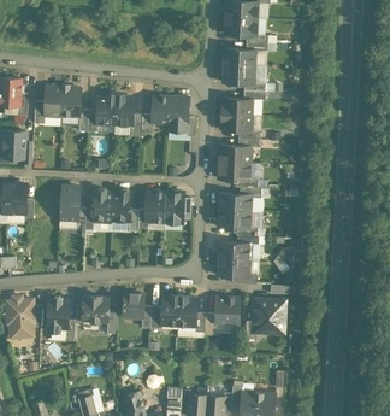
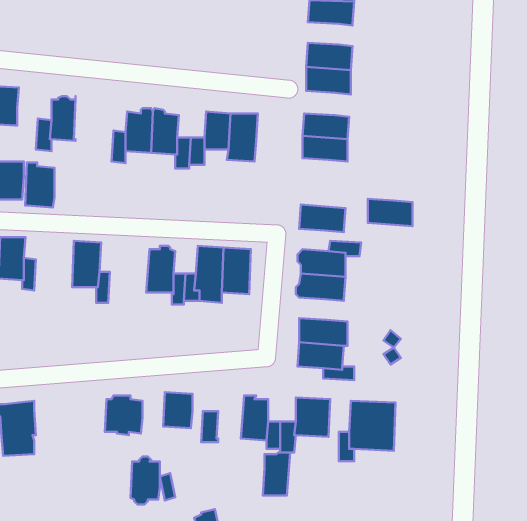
building: [61,84,82,116] -> [25,163,54,207]
building: [220,143,252,163] -> [368,199,413,226]
building: [94,188,114,222] -> none
building: [161,294,181,324] -> [263,452,290,495]
building: [48,297,69,330] -> [131,456,160,505]

